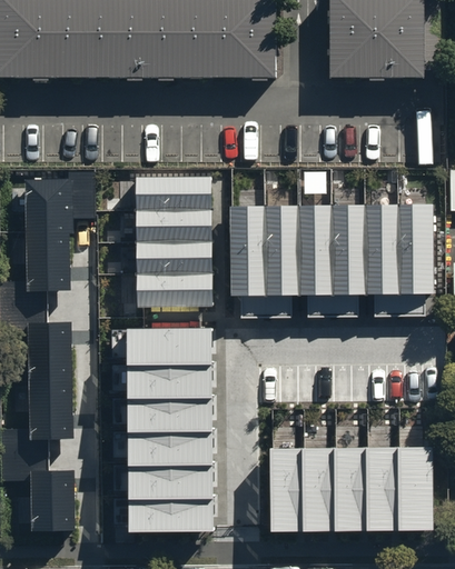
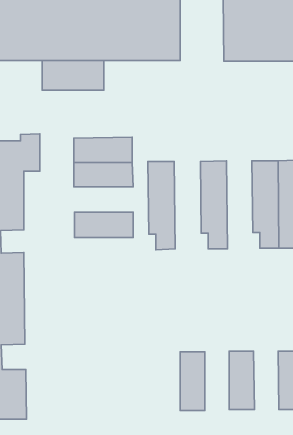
building: none -> [42,60,104,90]
building: [333,206,366,318] -> none
building: [266,207,300,318] -> none
building: [138,239,214,271] -> none
building: [129,327,212,528] -> none
building: [305,448,336,523] -> none
building: [367,448,399,522] -> none

